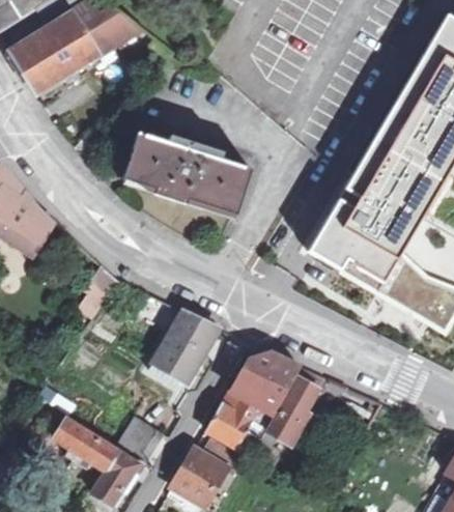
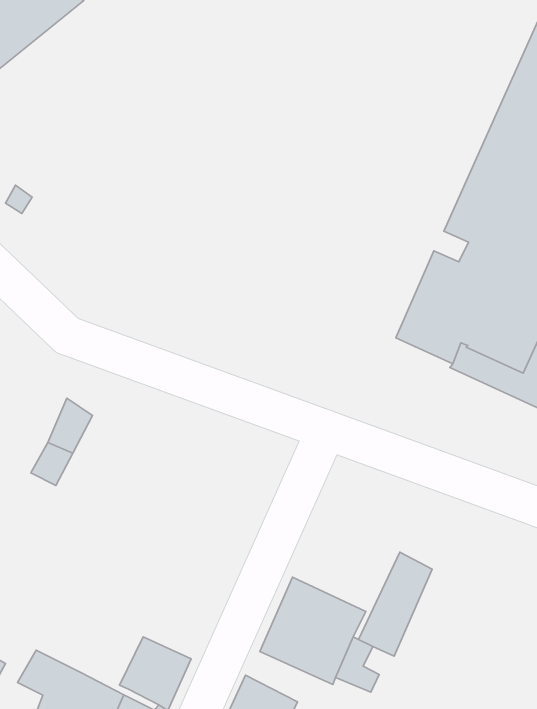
building: [122,130,250,211] -> none
building: [149,312,220,389] -> none
building: [230,352,301,417] -> none

